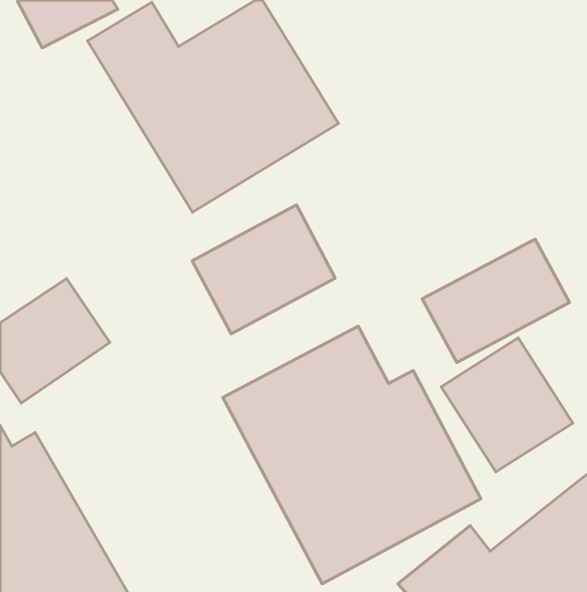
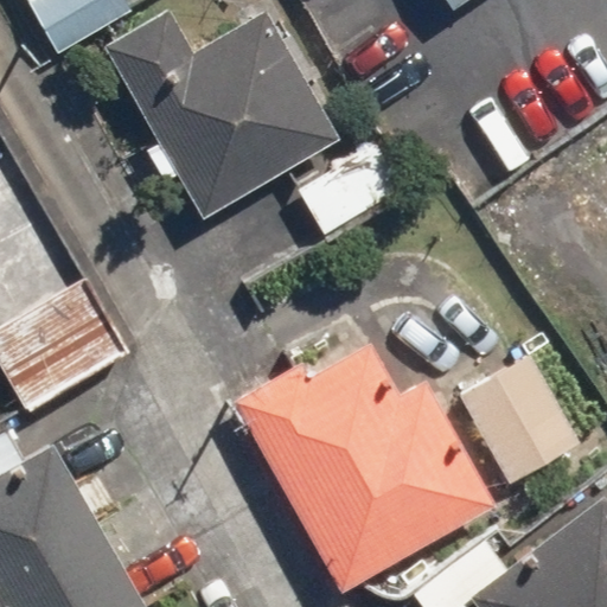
building: [192,205,335,334] -> none
building: [422,239,570,363] -> none

